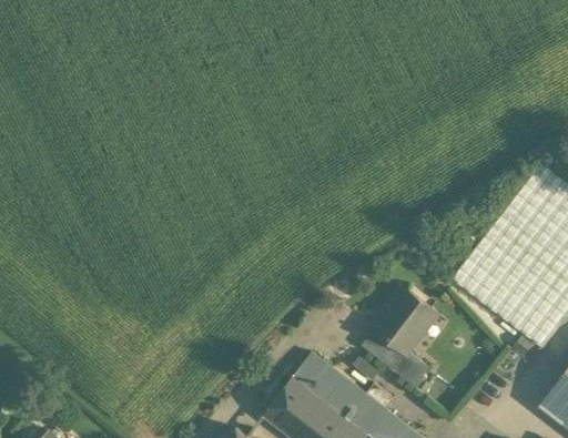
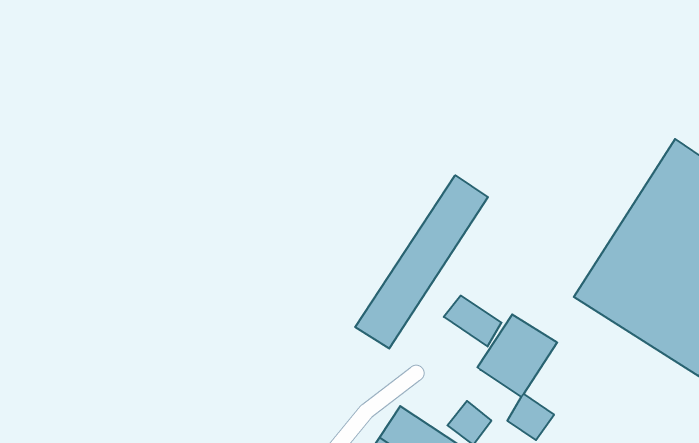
building: none -> [355,175,488,349]
building: [362,330,406,371] -> [444,296,502,347]

